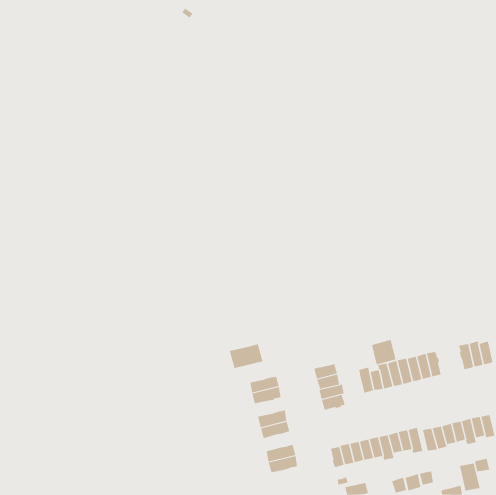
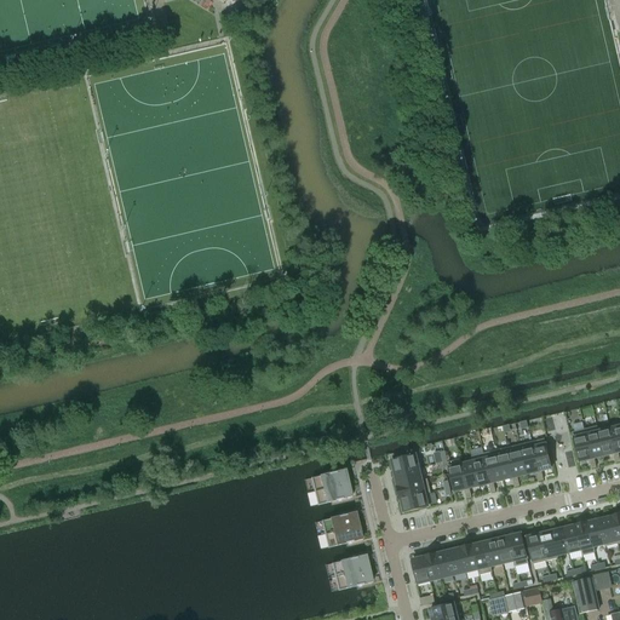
building: [371,339,396,365] -> none
building: [229,344,263,369] -> none

